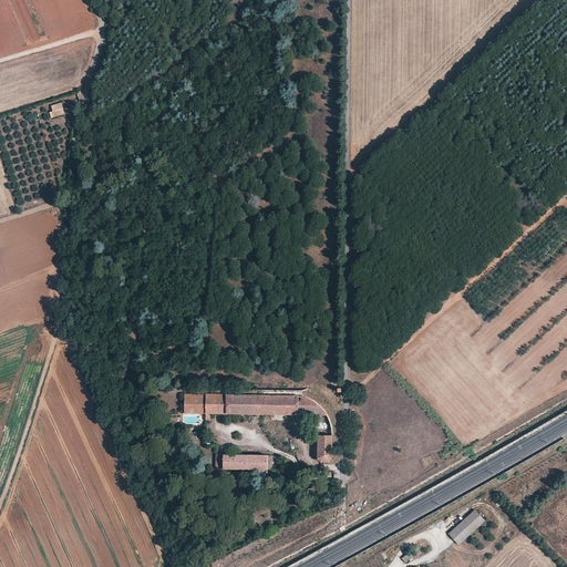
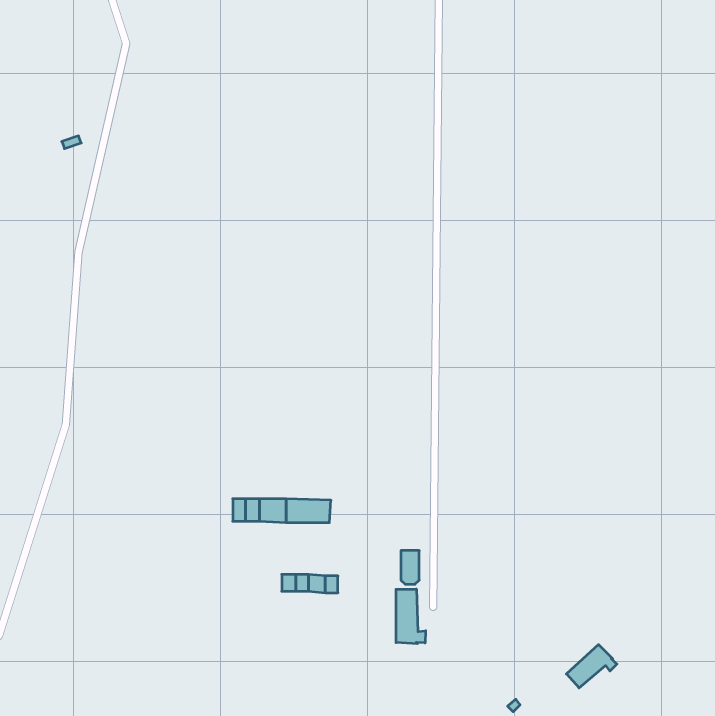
building: [260,395,298,414] -> none
building: none -> [396,589,426,644]

